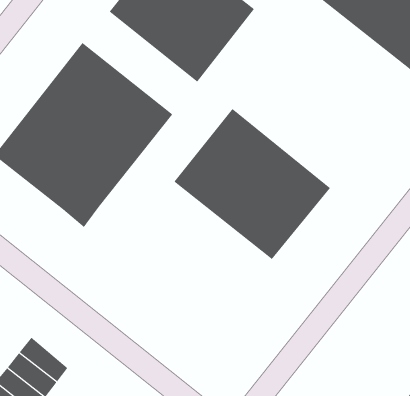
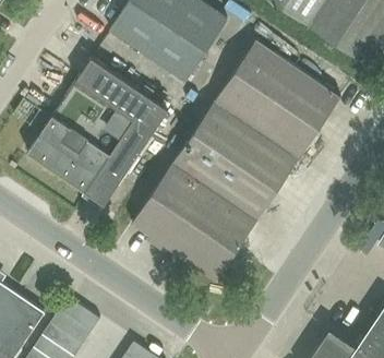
building: none -> [215,40,340,159]
building: none -> [131,164,256,282]

